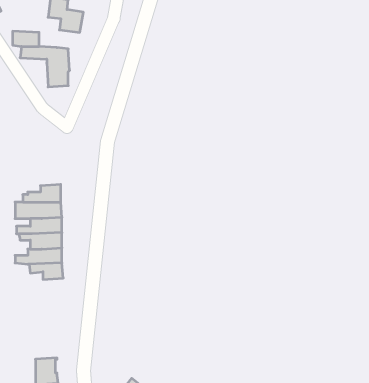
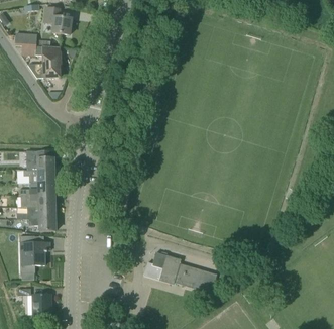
building: none -> [19,235,49,272]
building: none -> [143,252,217,293]

